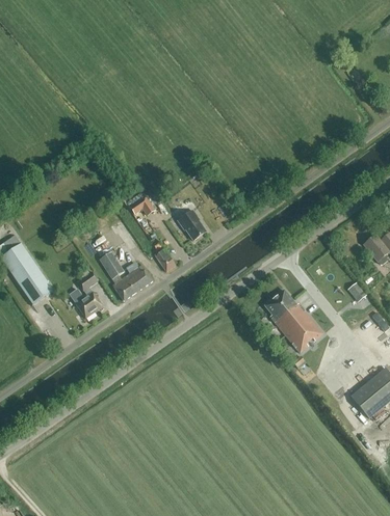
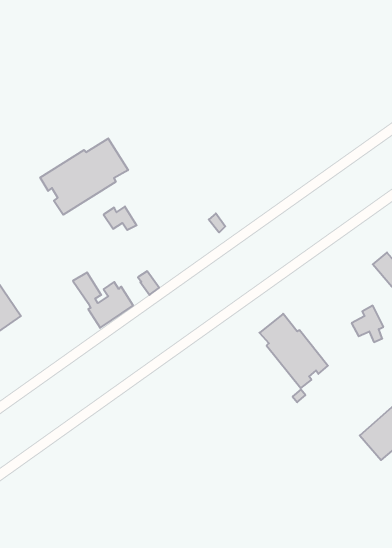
building: none -> [40,138,128,215]
building: [178,210,206,241] -> none
building: [72,272,102,318] -> none

